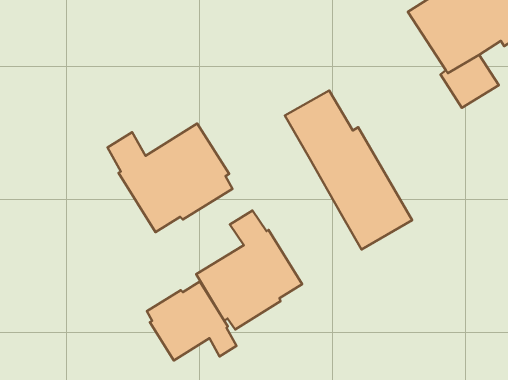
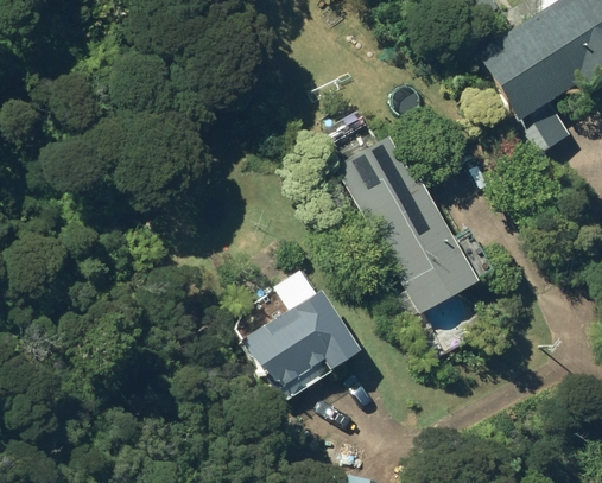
building: [107,124,232,232] -> none
building: [147,282,237,361] -> none

